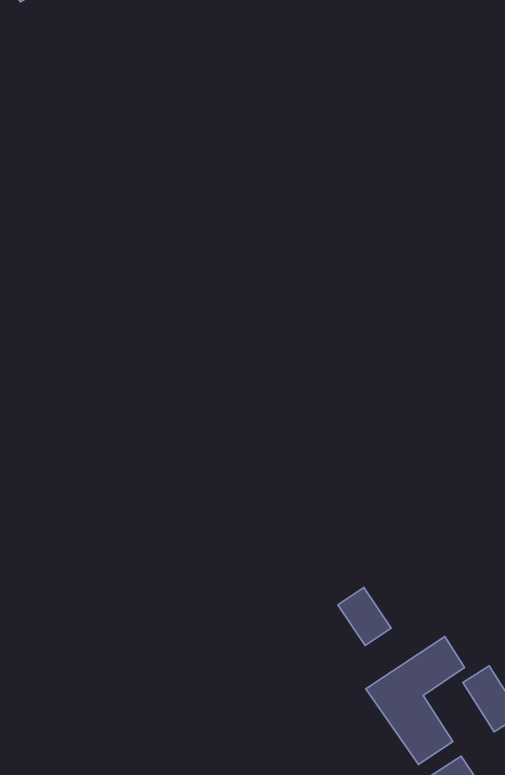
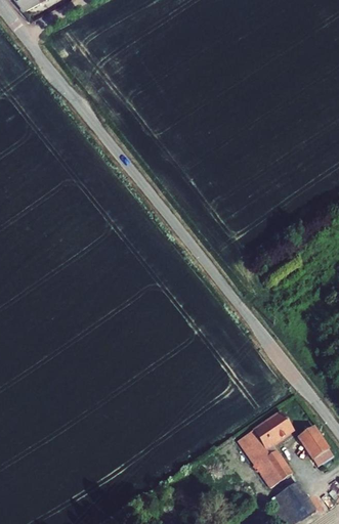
building: [338,587,391,646] -> none

